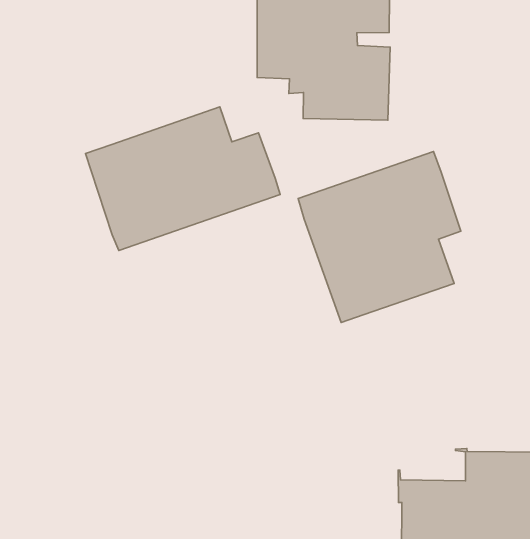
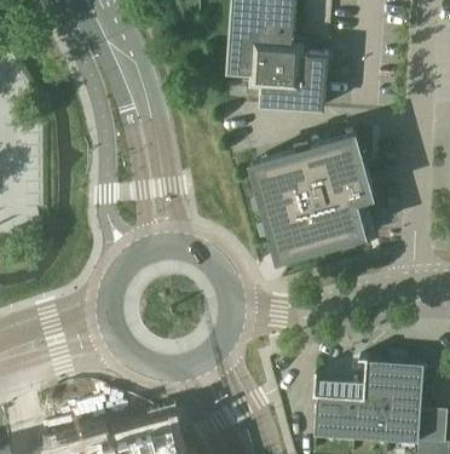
building: [85,107,280,250] -> none

